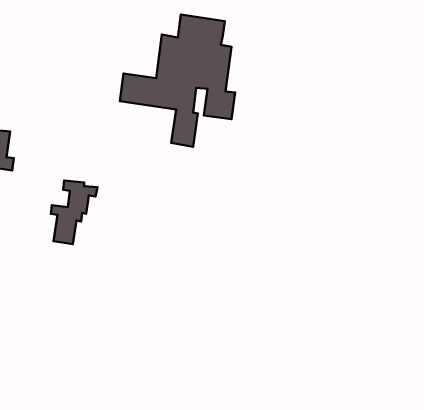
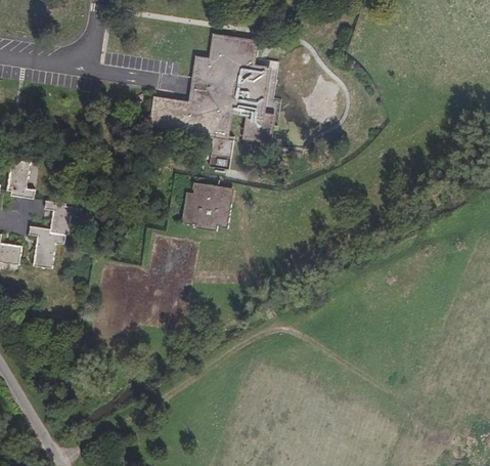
building: none -> [180,179,229,228]
building: [51,180,97,244] -> [29,200,79,268]

